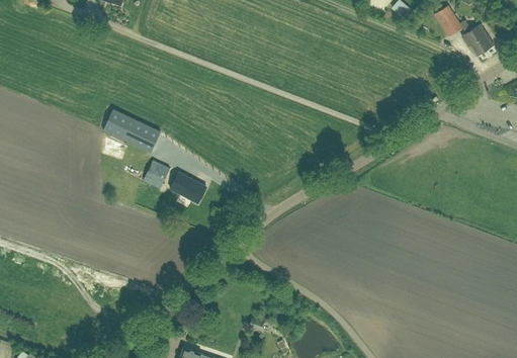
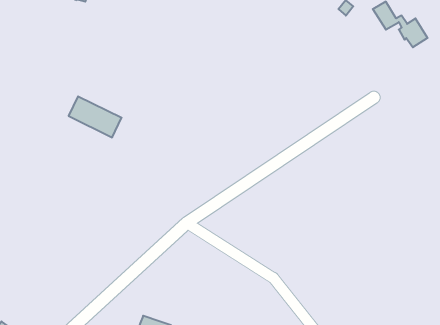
building: [144,160,169,188] -> none
building: [170,173,205,202] -> none

